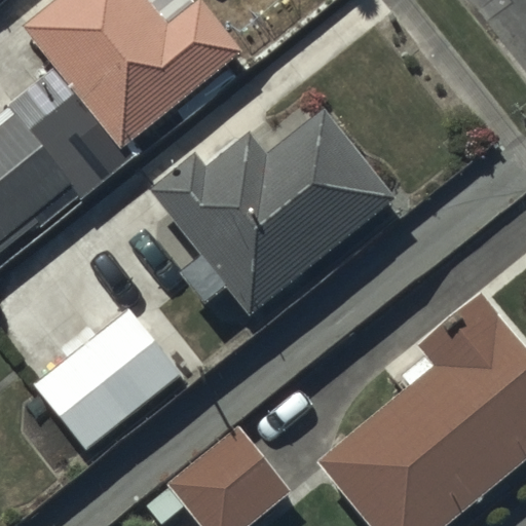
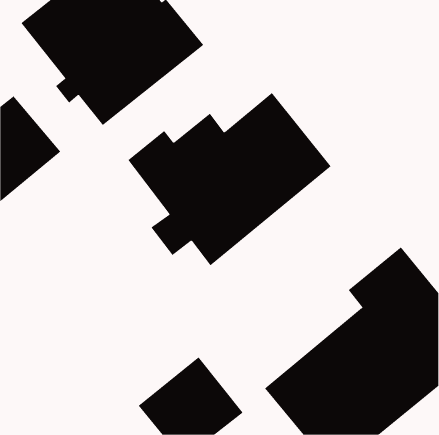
building: [35,310,182,450] -> none

